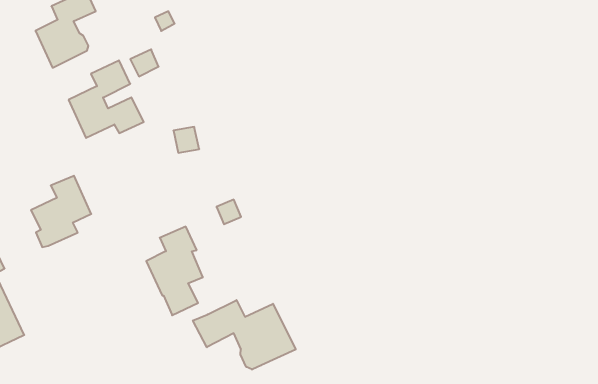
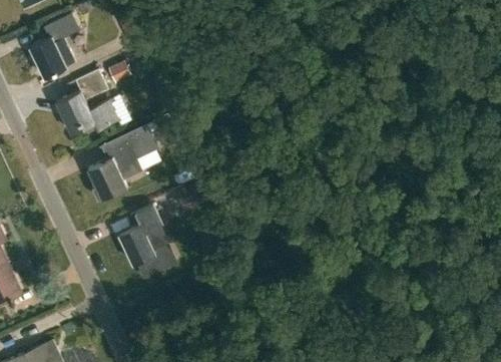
building: [31,176,91,247] -> [88,140,137,199]
building: [193,300,296,370] -> none

